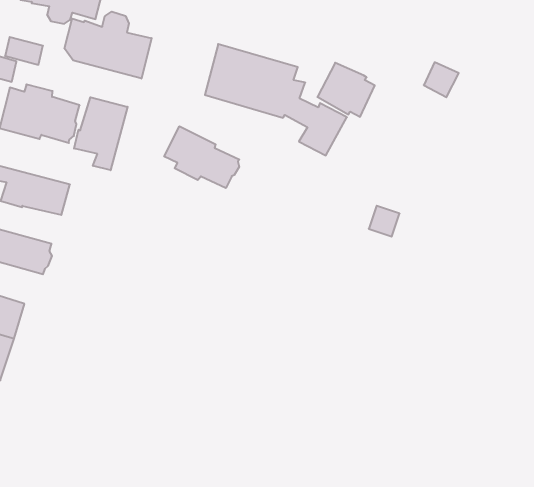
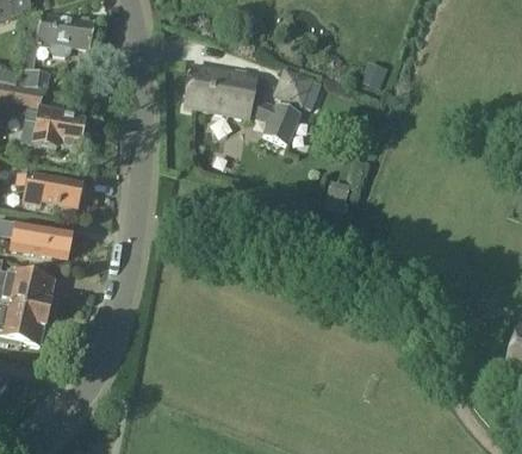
building: [65,12,152,79] -> none
building: [74,97,128,170] -> none
building: [164,126,239,188] -> none

